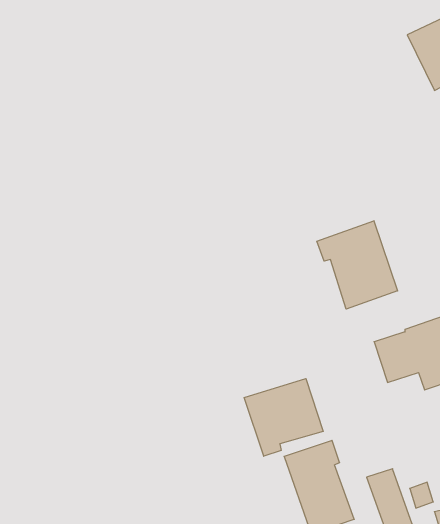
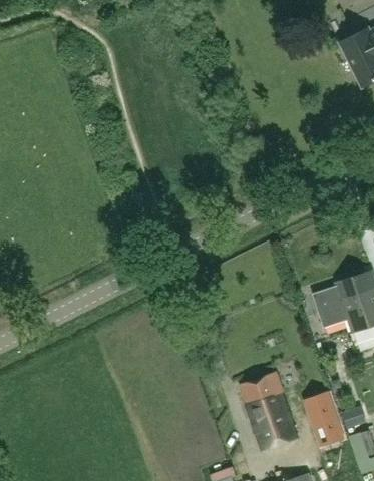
building: [317,221,398,309] -> none
building: [244,379,323,456] -> none

